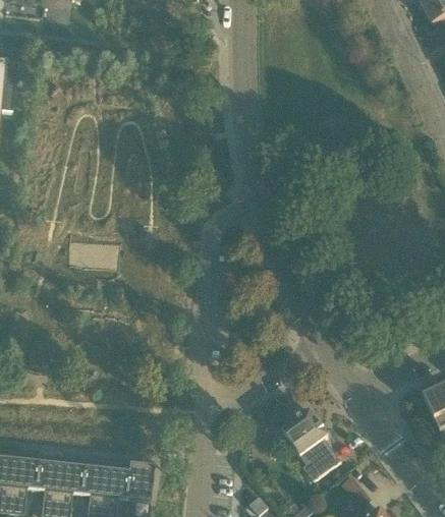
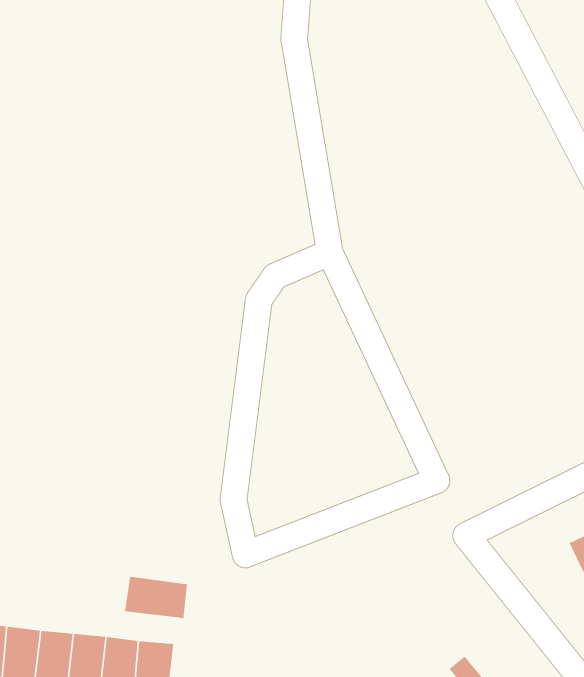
building: [282,408,341,481] -> none
building: none -> [124,576,188,619]

